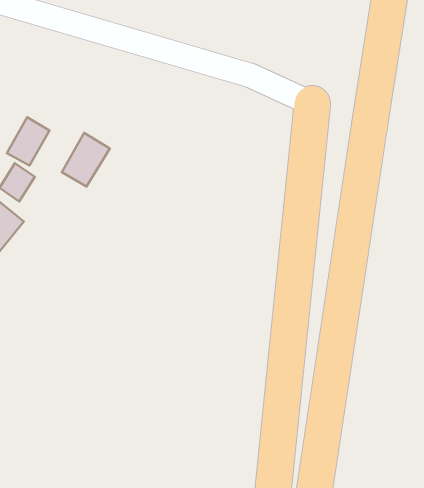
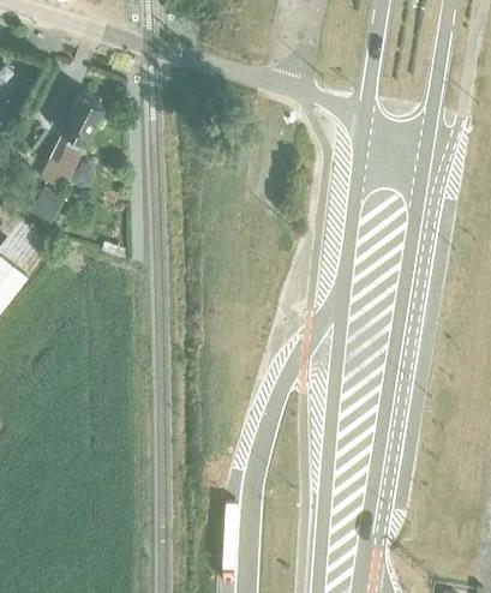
building: [62,133,110,187] -> [52,97,103,155]

